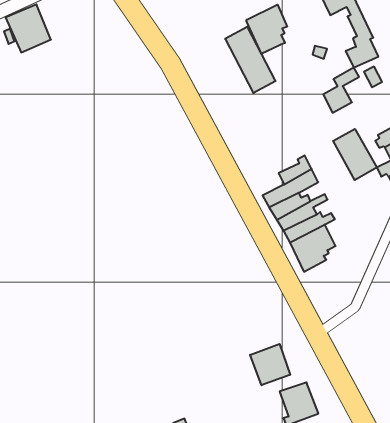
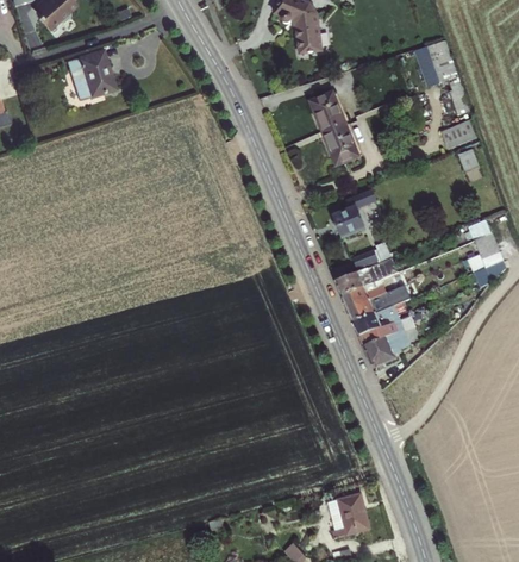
building: [247,5,287,54] -> none
building: [323,68,359,113] -> [334,191,376,238]
building: [333,129,377,180] -> none
building: [250,344,290,385] -> none

